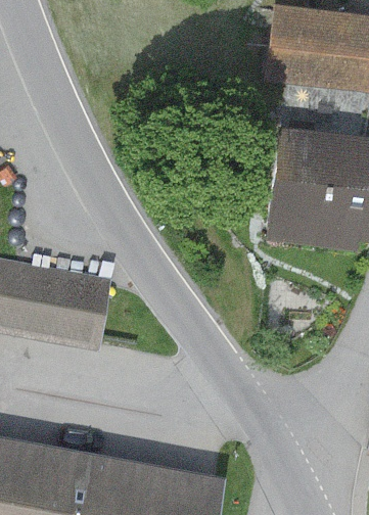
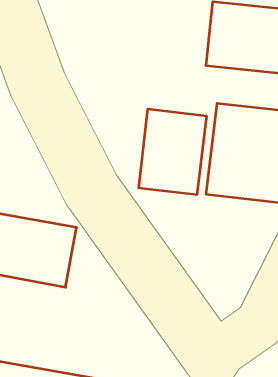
building: none -> [139,109,206,195]

